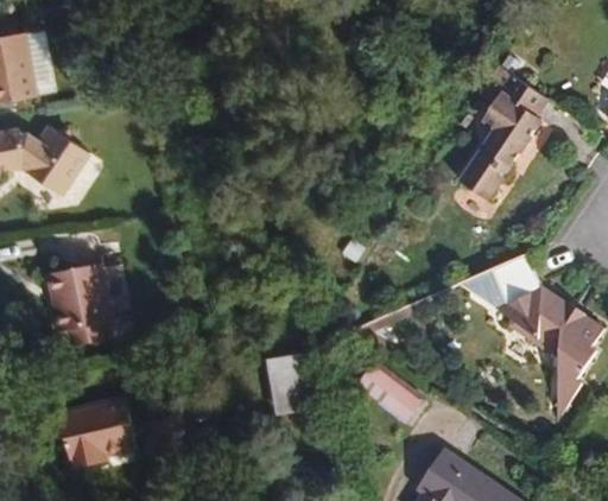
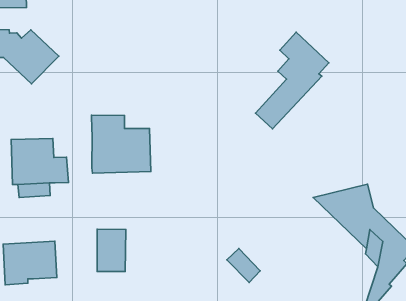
building: [461,66,546,199] -> [255,32,329,129]
building: none -> [91,115,151,173]
building: [265,354,311,416] -> [97,229,126,272]

